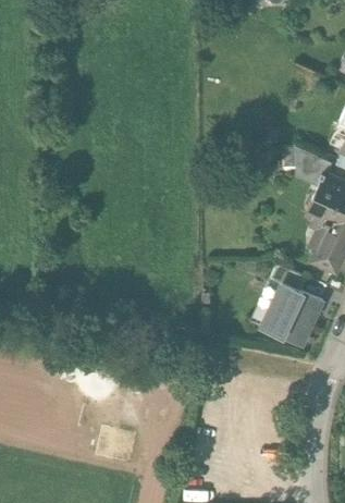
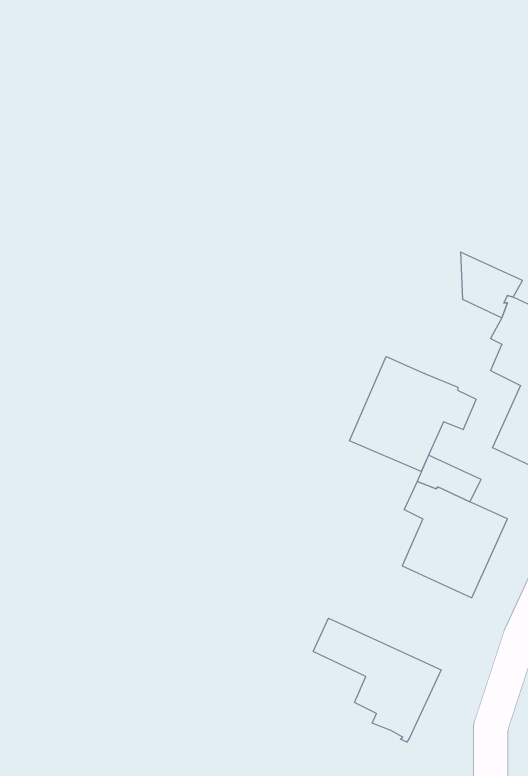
building: none -> [350,357,476,472]
building: none -> [313,618,441,742]

